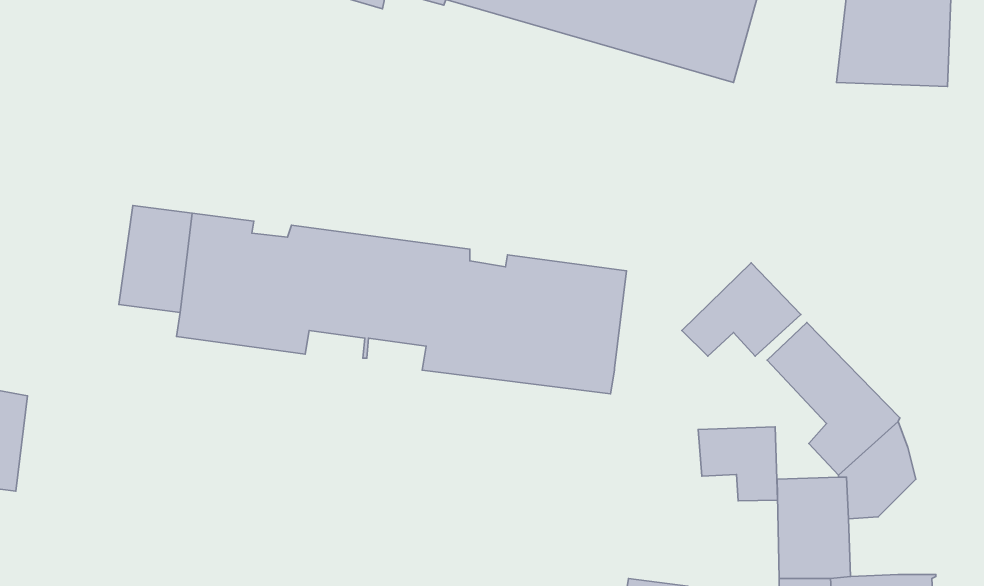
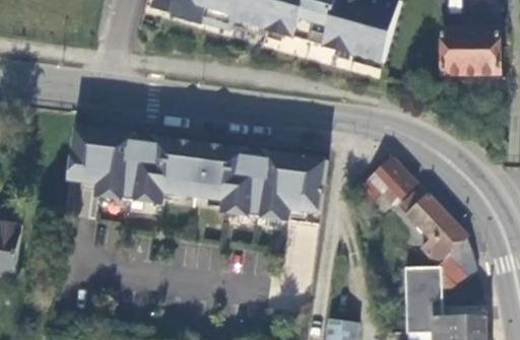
building: [698,427,777,501] -> none

